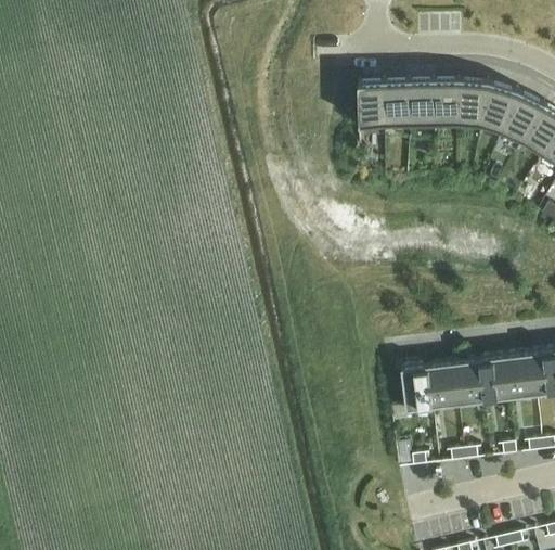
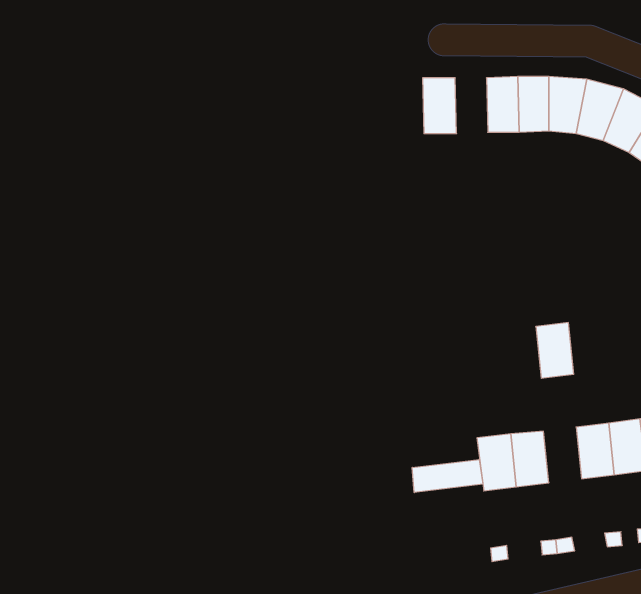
building: [384,81,410,126] -> none
building: [454,360,485,405] -> [536,323,574,378]
building: none -> [412,459,483,493]

